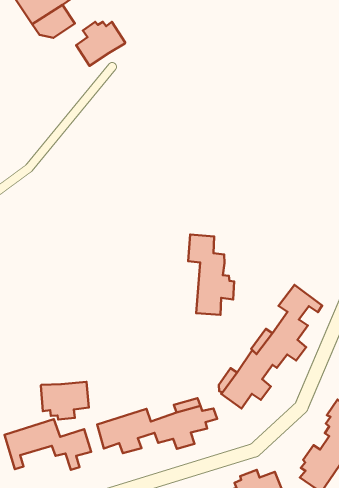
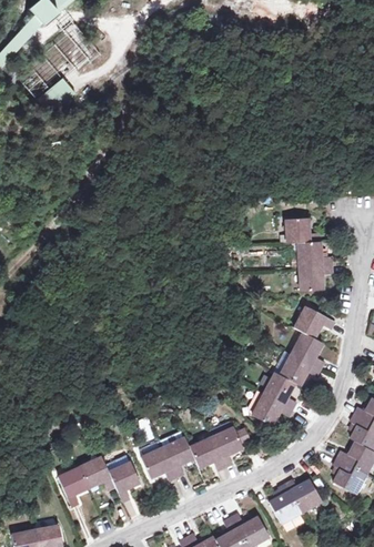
building: [76,22,125,66] -> none
building: [188,235,234,315] -> [286,219,333,291]
building: [41,382,89,419] -> none

